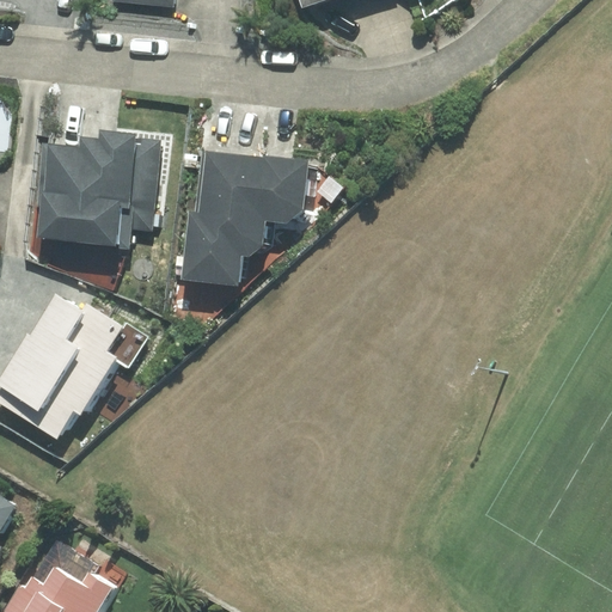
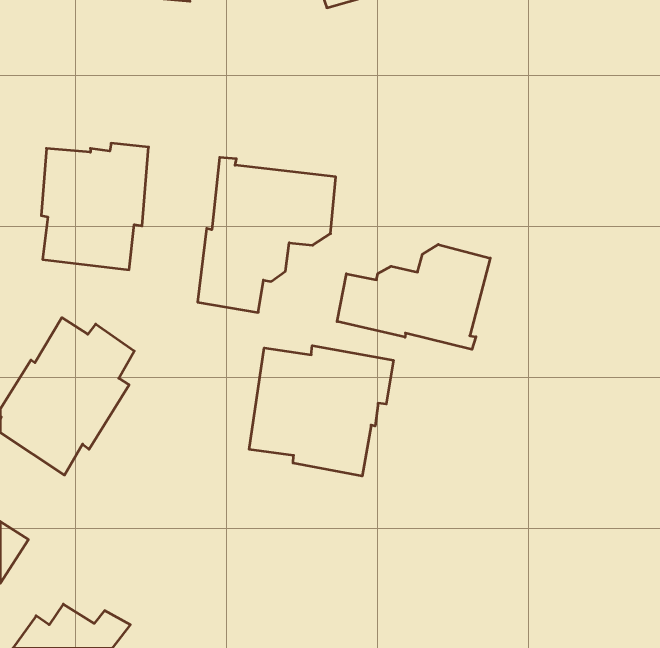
building: none -> [337,244,490,349]
building: none -> [249,346,393,476]

